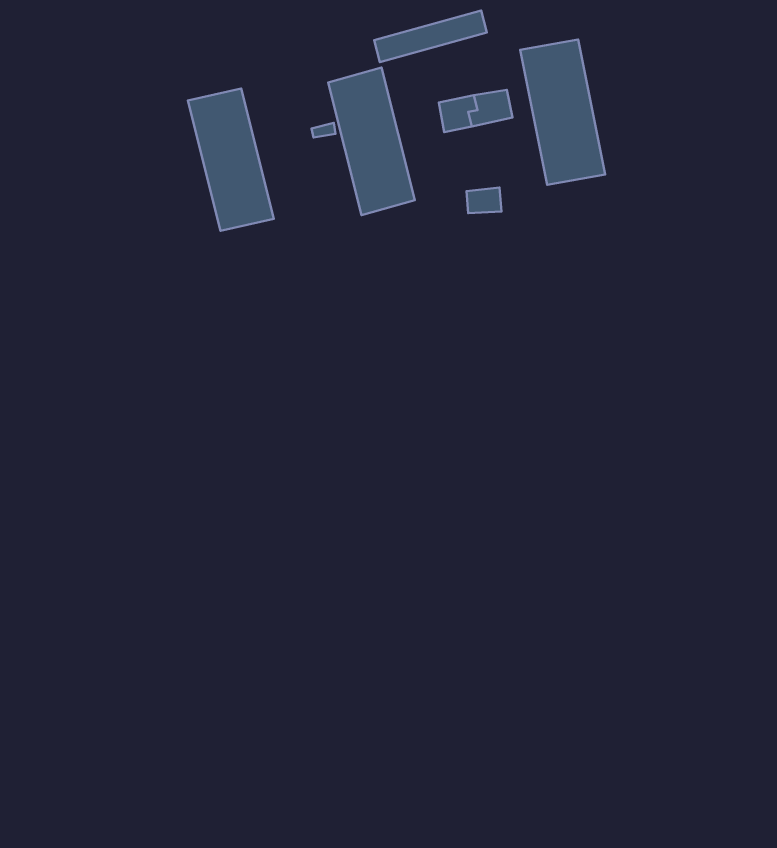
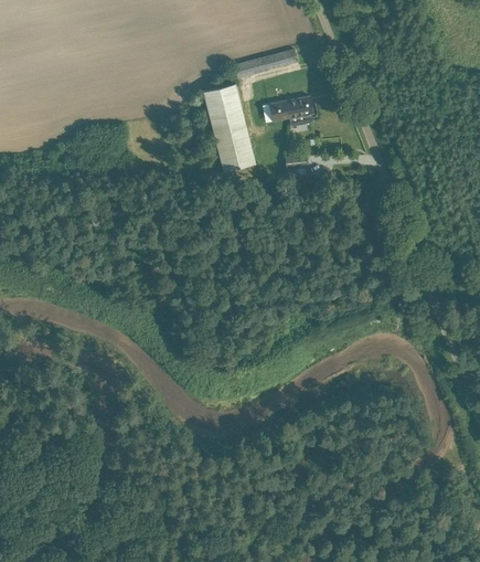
building: [520,40,605,185] -> none
building: [188,88,274,231] -> none

